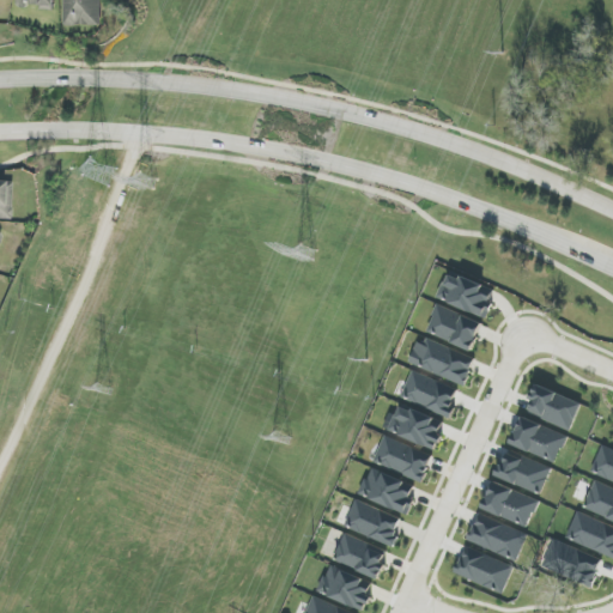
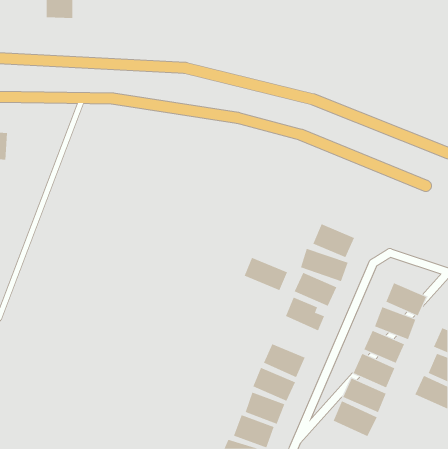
building: [437,272,494,316] -> none
building: [372,436,432,481] -> [244,257,288,291]
building: [541,539,602,587] -> none

